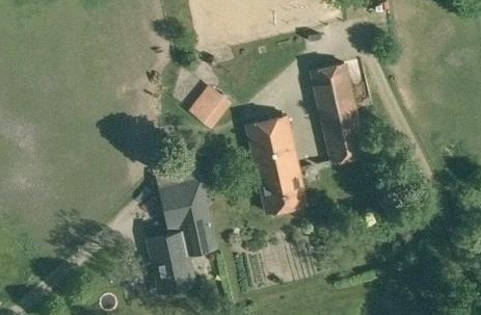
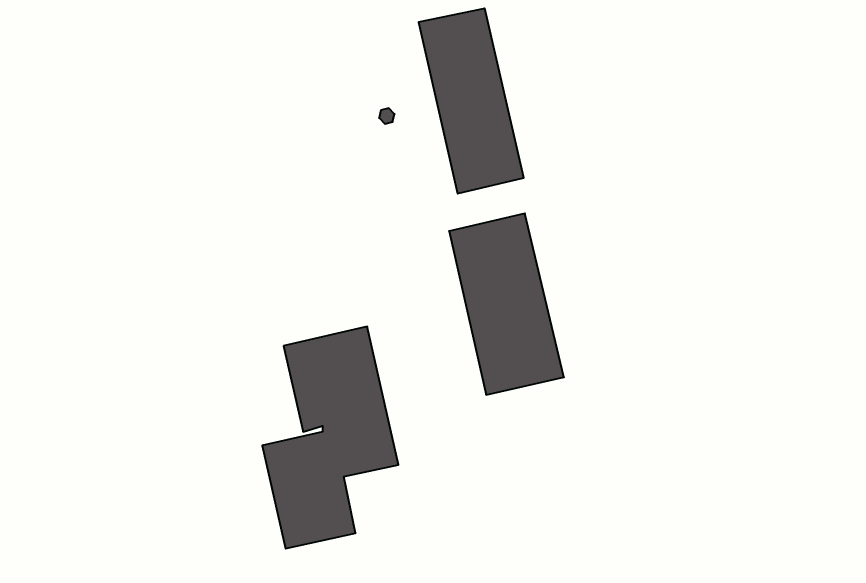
building: [310,62,366,161] -> [419,8,524,194]
building: [188,87,232,131] -> none

